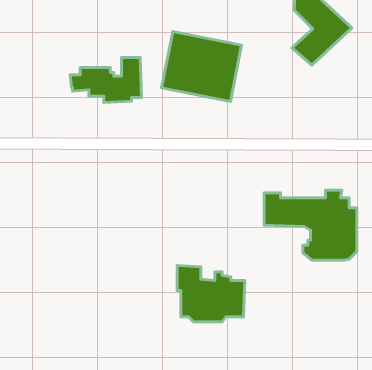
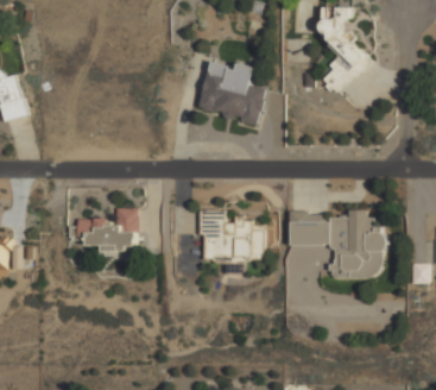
building: [70,57,141,102] -> [69,208,137,251]
building: [177,265,245,322] -> [201,209,265,263]

